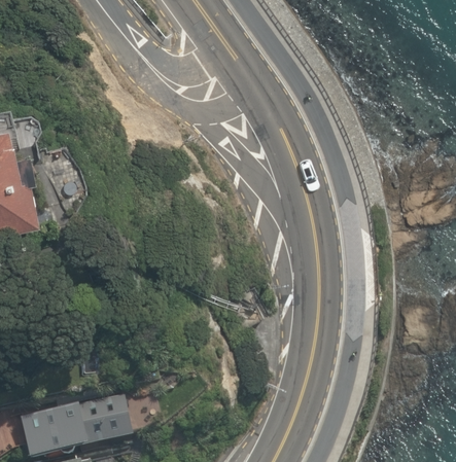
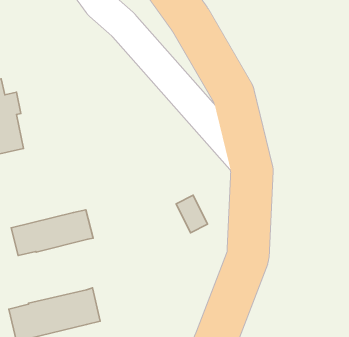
building: none -> [11,210,93,256]

